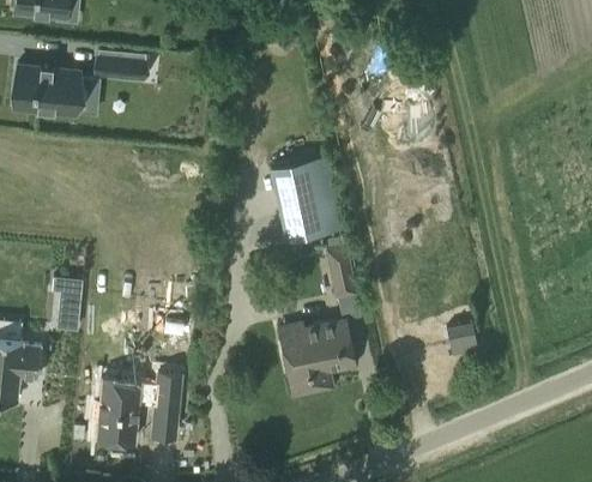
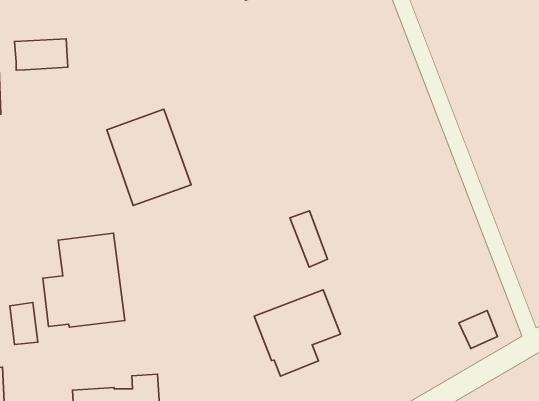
building: [272,156,342,240] -> [107,109,191,205]
building: none -> [43,233,125,327]
building: [446,324,479,356] -> [459,311,498,348]

